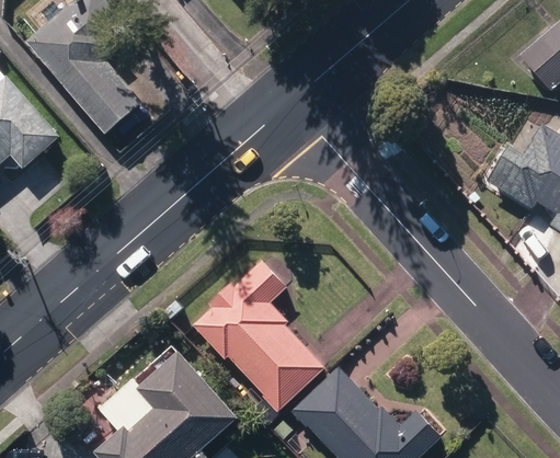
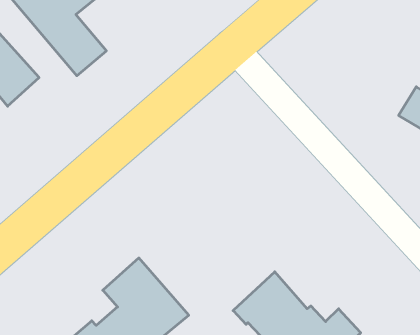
building: [193,261,324,411] -> none

